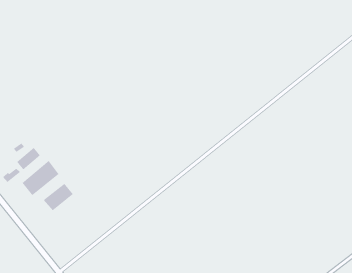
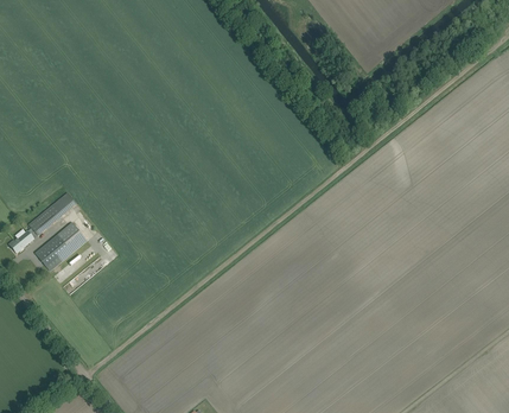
building: [43,183,74,211] -> none

